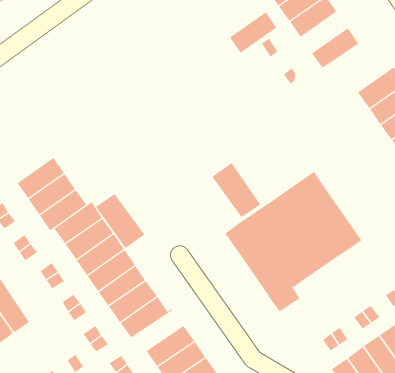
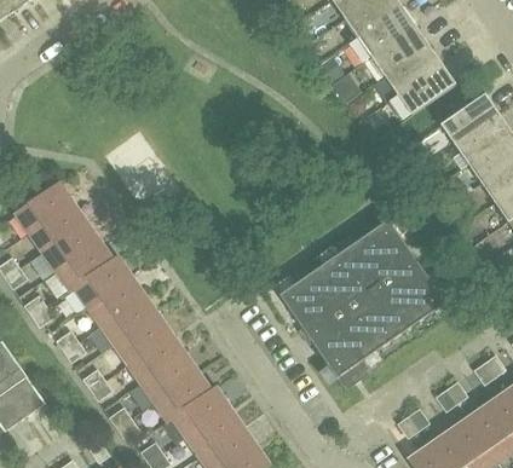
building: [229,12,277,54] -> [370,25,428,76]
building: none -> [397,64,456,115]
building: none -> [13,183,73,233]
building: [212,162,261,218] -> none
building: [95,193,145,249] -> none
building: none -> [166,387,230,437]

